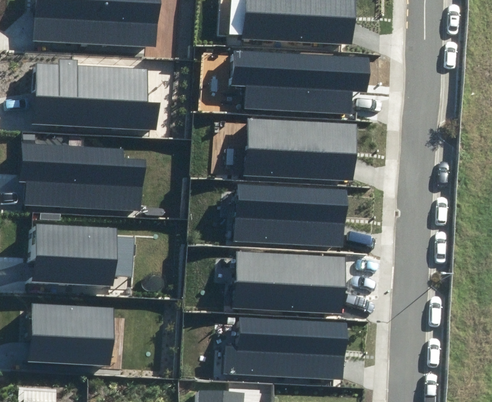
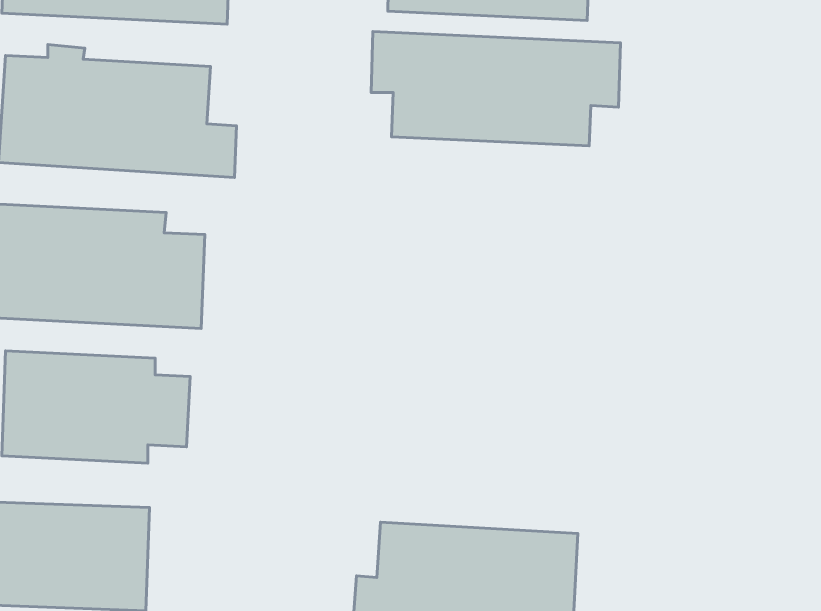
building: [244,117,355,180] -> none
building: [232,186,347,246] -> none
building: [232,252,344,314] -> none

